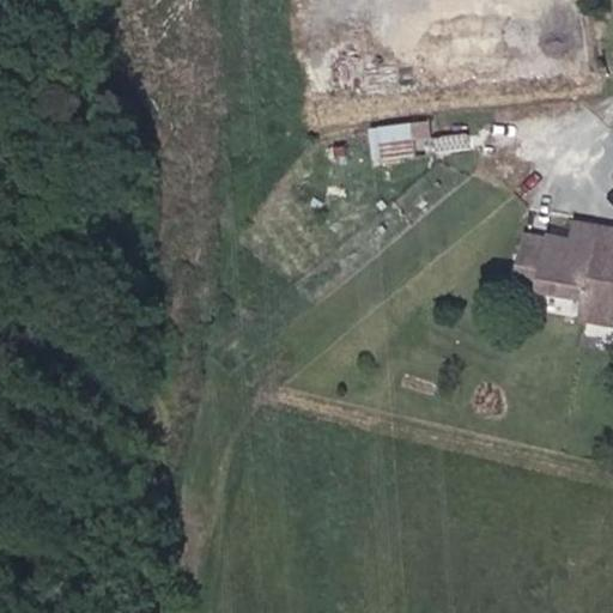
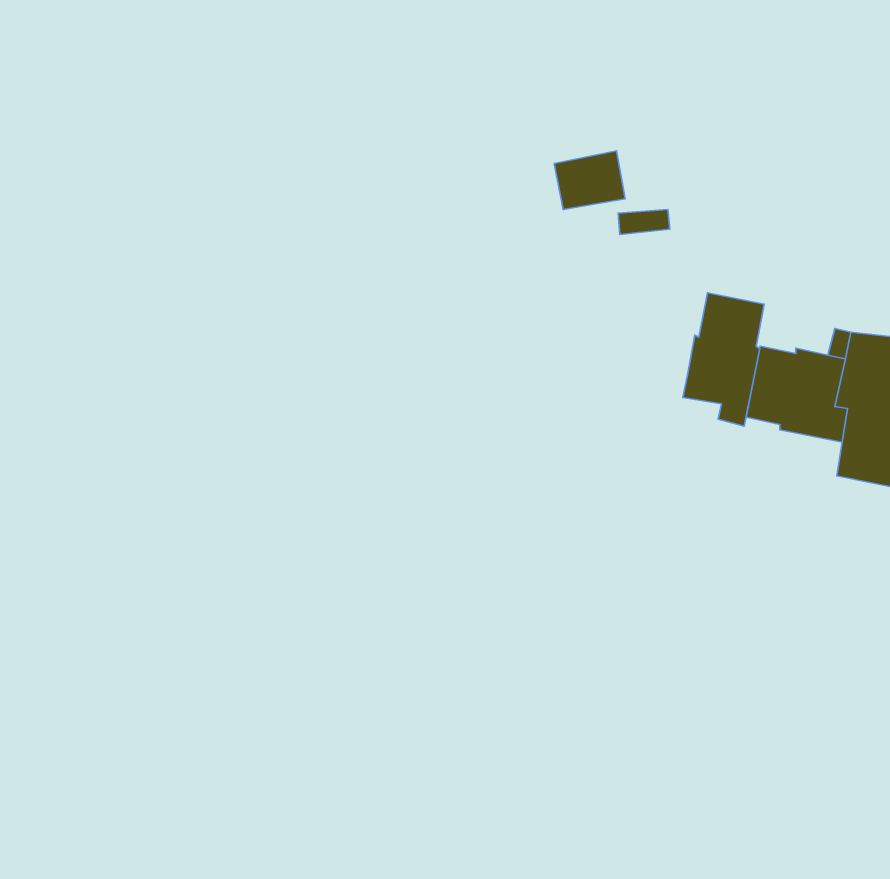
building: none -> [683,293,764,426]

